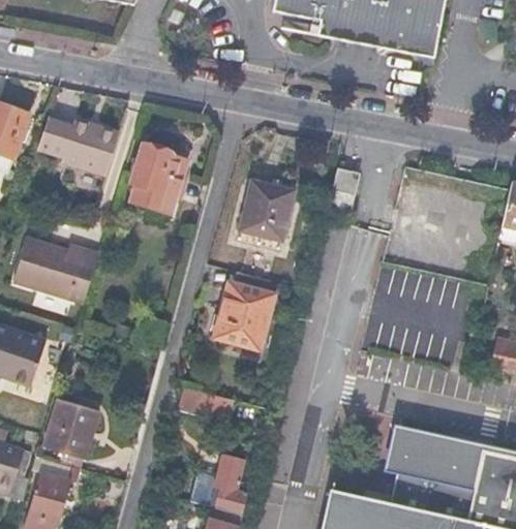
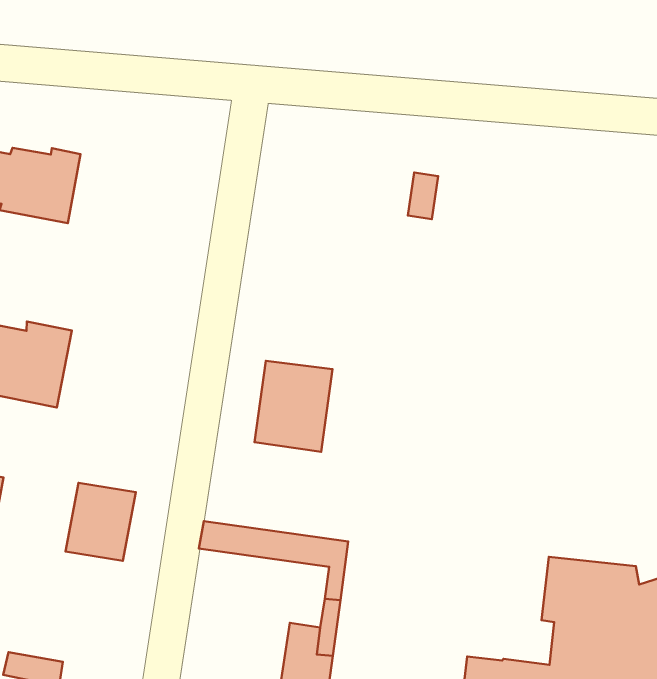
building: [132,143,186,215] -> none
building: [238,181,293,239] -> none
building: [44,401,95,456] -> [66,483,136,561]

